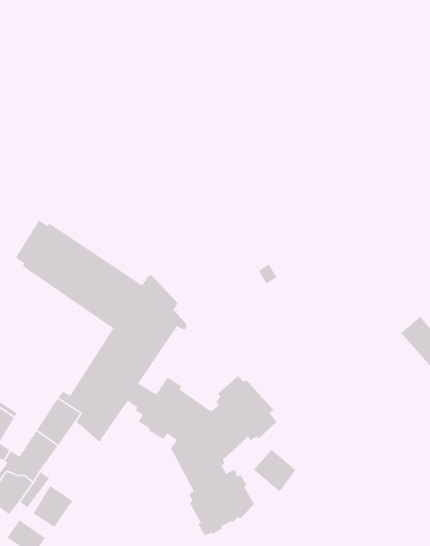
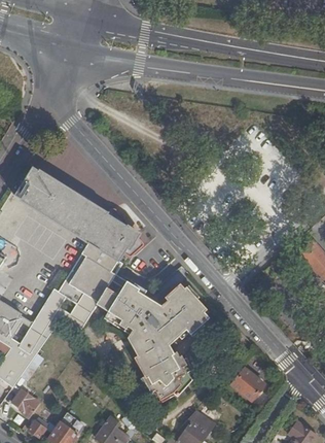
building: [253,449,297,493] -> [232,368,264,400]
building: [32,485,73,528] -> none

